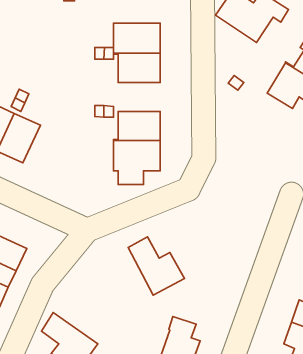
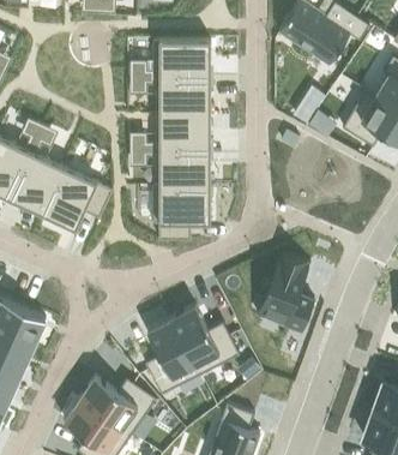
building: none -> [159,113,211,149]
building: none -> [42,166,113,228]
building: none -> [258,252,314,331]
building: none -> [146,317,203,396]
building: none -> [79,375,159,436]

